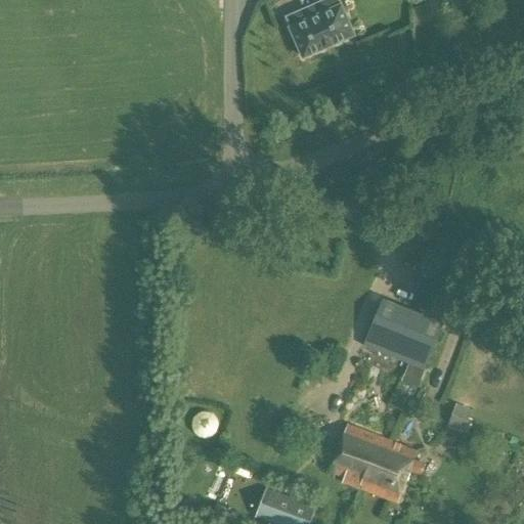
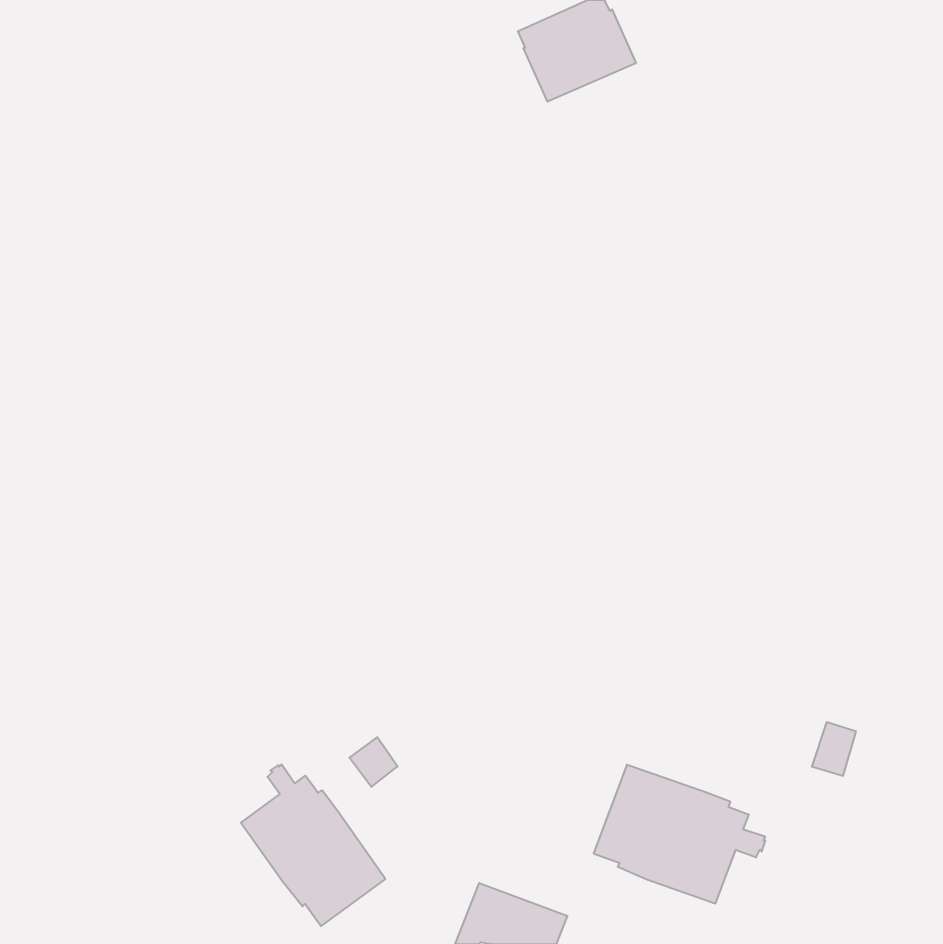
building: [362,298,442,369] -> none
building: none -> [241,764,385,926]

